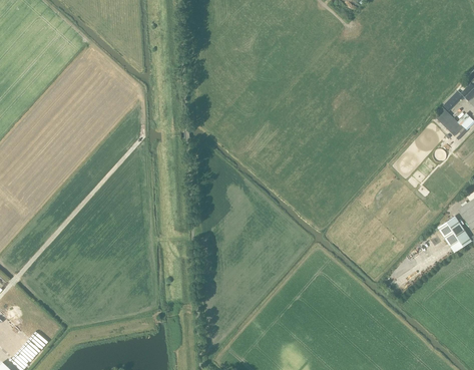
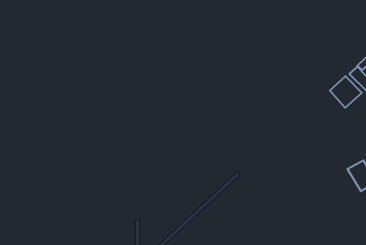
building: none -> [330,76,362,108]

